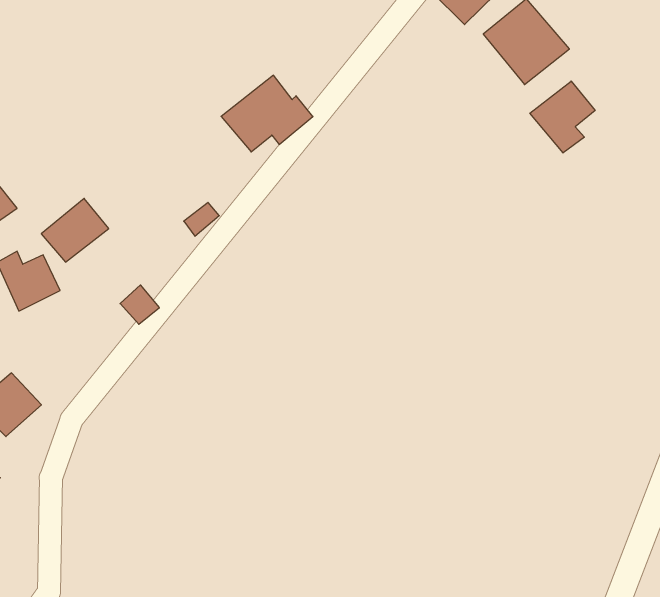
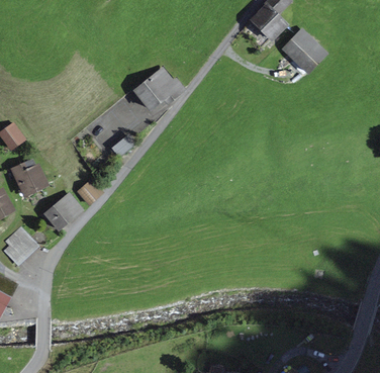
building: [530,81,595,153] -> none
building: [41,198,109,262] -> [46,194,83,228]

